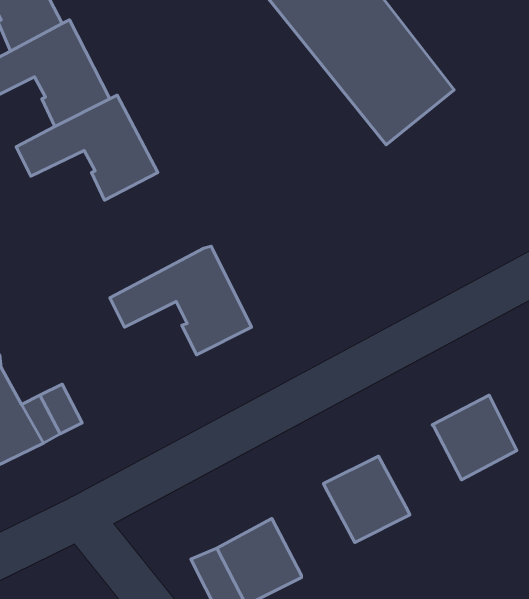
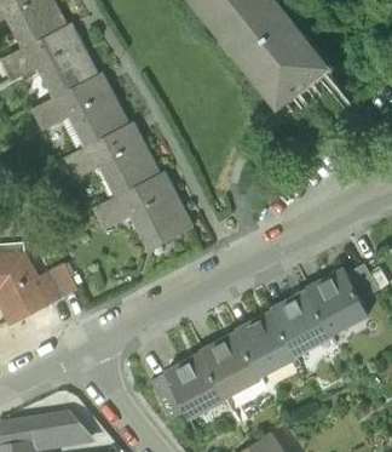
building: none -> [64,122,157,193]
building: none -> [272,292,328,348]
building: none -> [201,332,258,390]

